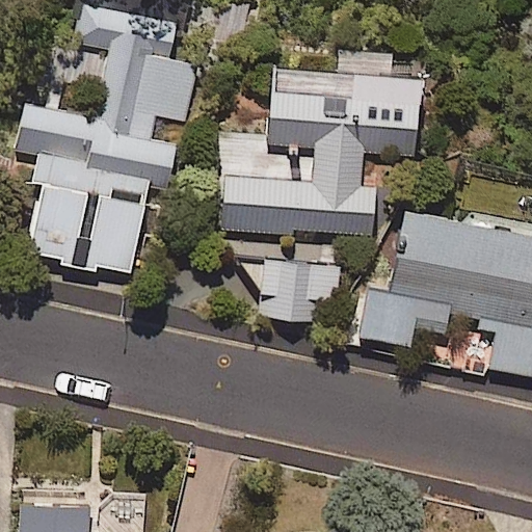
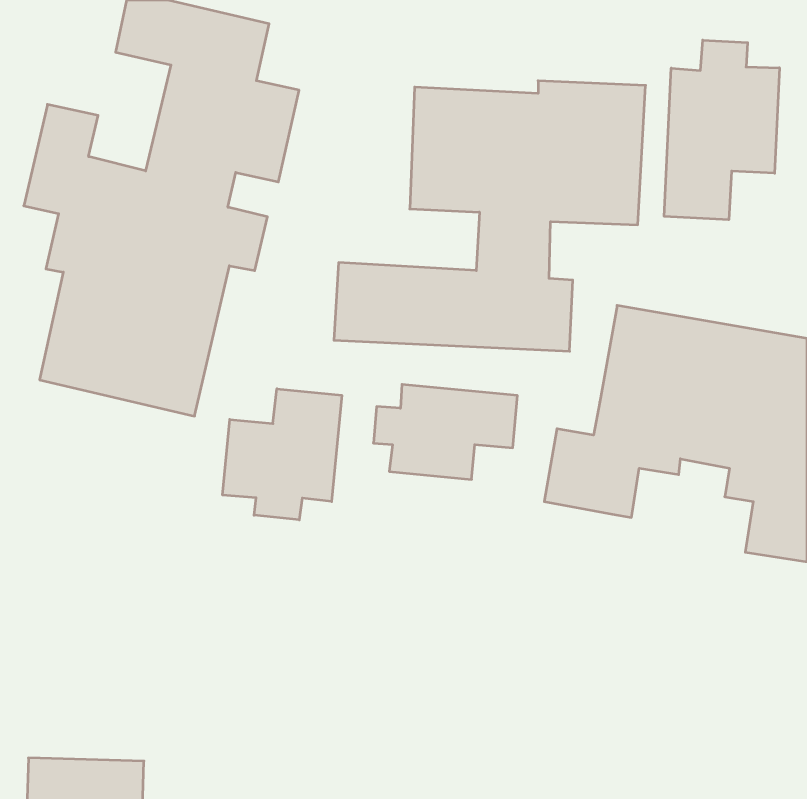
building: none -> [664,40,779,220]
building: none -> [223,389,342,520]

